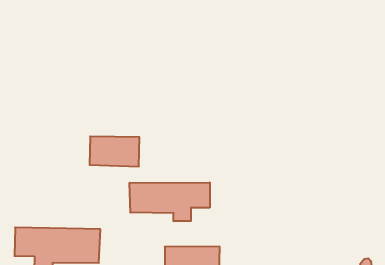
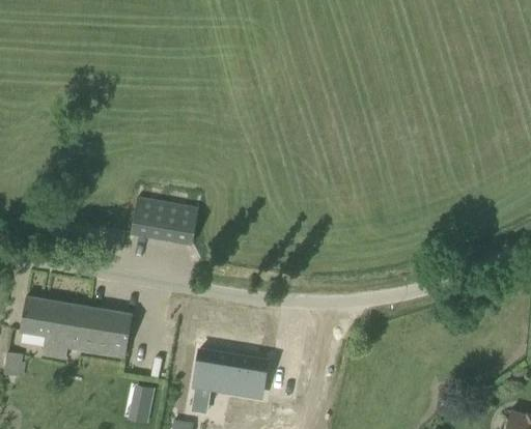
building: [130,182,210,221] -> none

